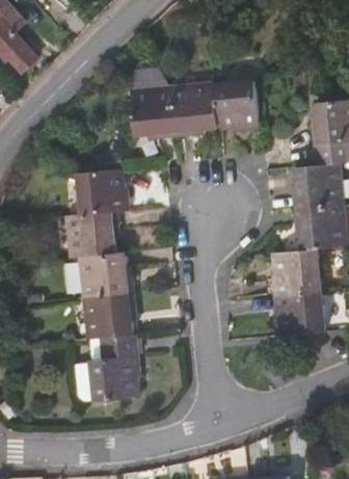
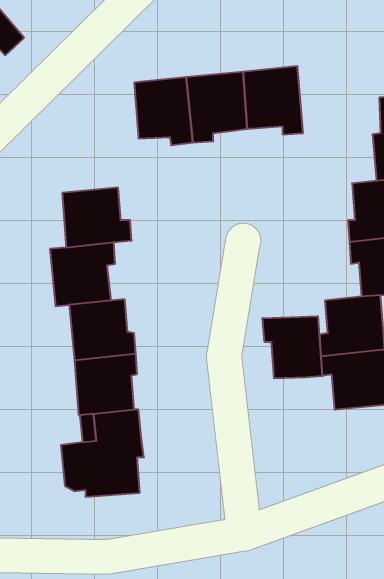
building: none -> [263,316,322,378]

